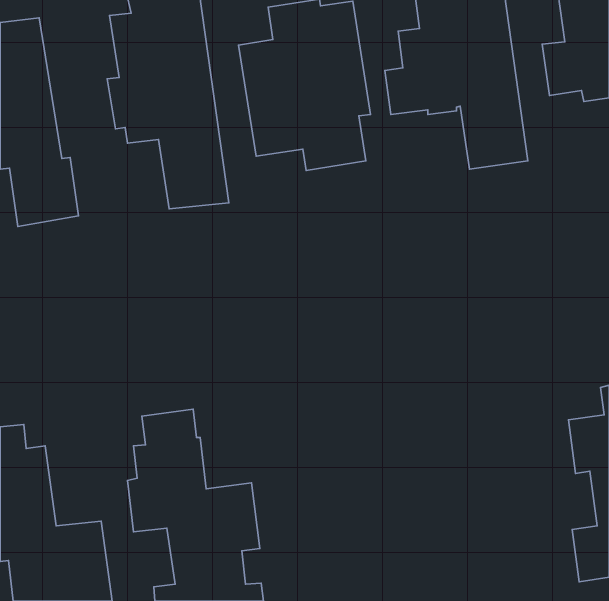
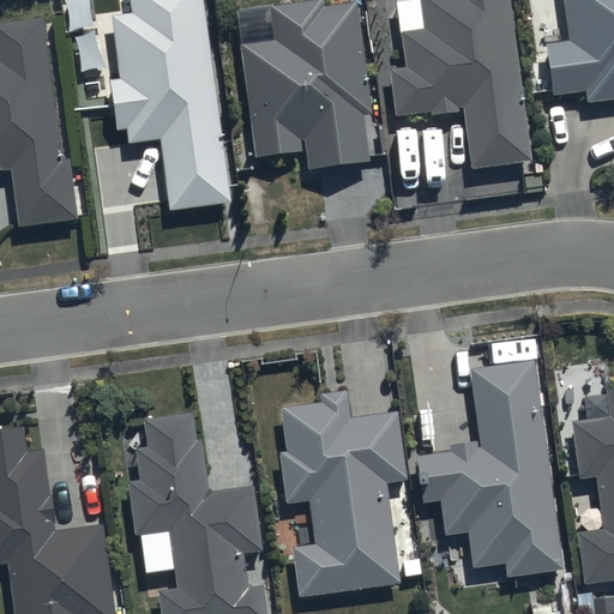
building: none -> [414,360,562,578]
building: none -> [278,390,407,596]

